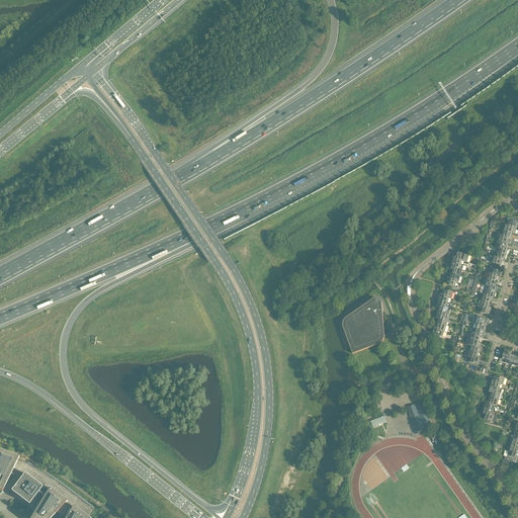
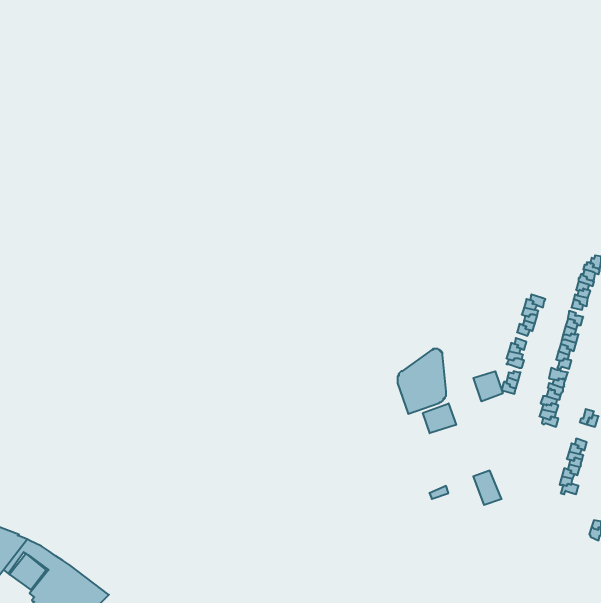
building: none -> [473,371,503,401]
building: none -> [423,403,456,433]

